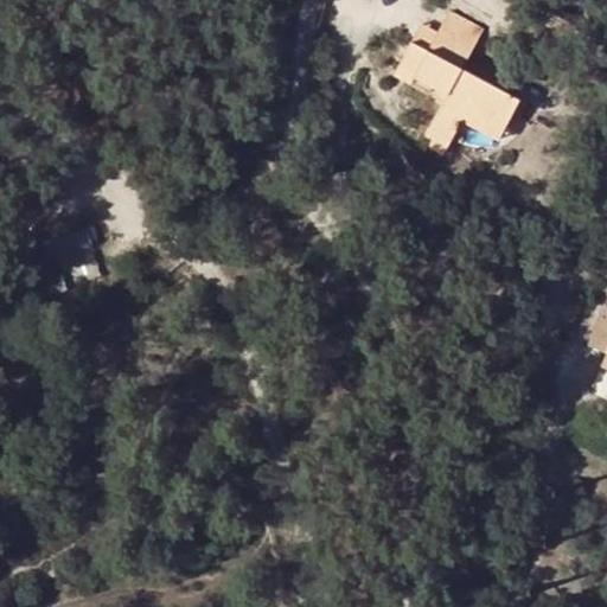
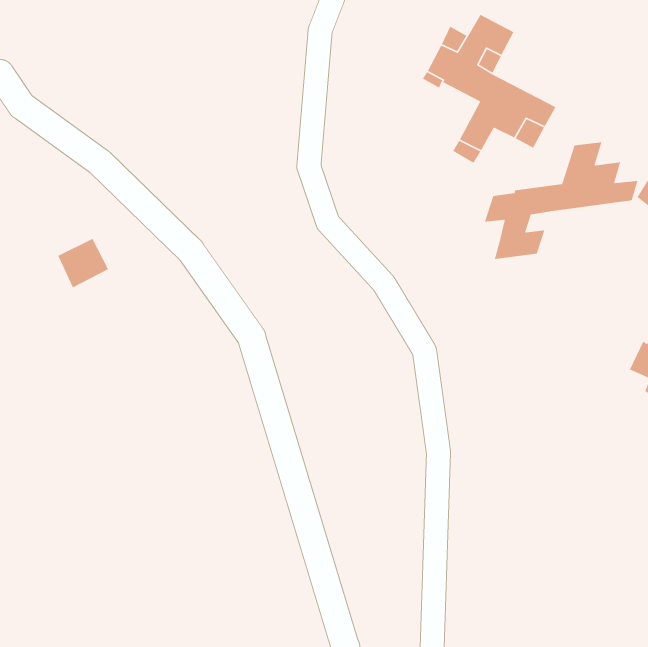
building: none -> [484,141,639,260]

